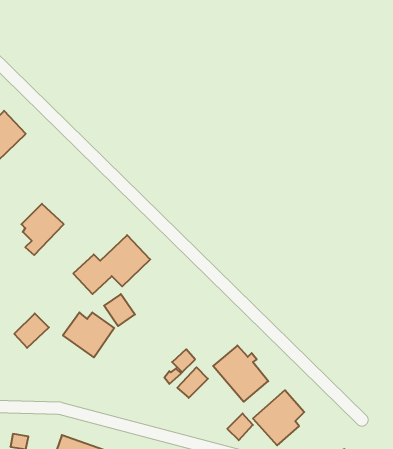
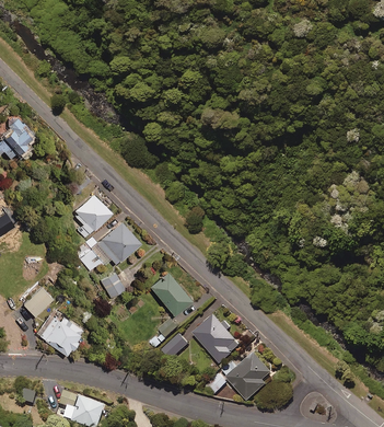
building: [21,204,64,255] -> [74,195,110,239]
building: none -> [149,272,191,316]
building: [63,312,114,357] -> [38,318,82,356]

